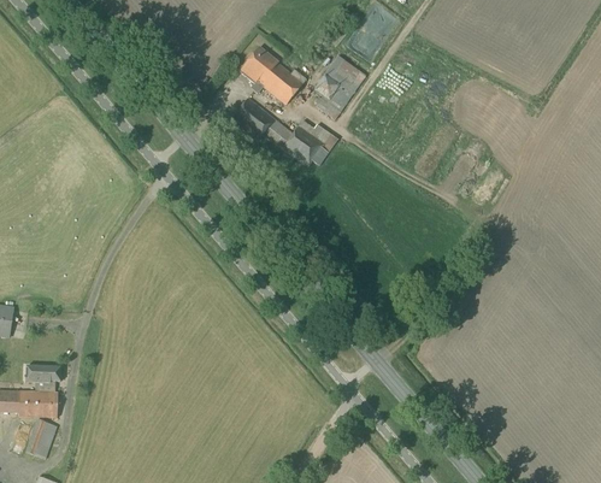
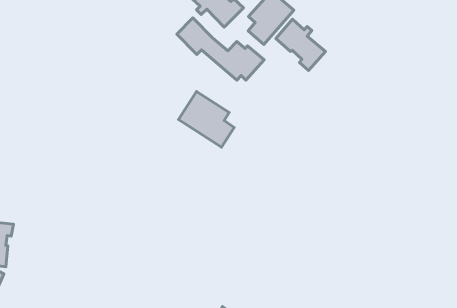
building: none -> [276,19,325,71]
building: none -> [179,92,234,147]

